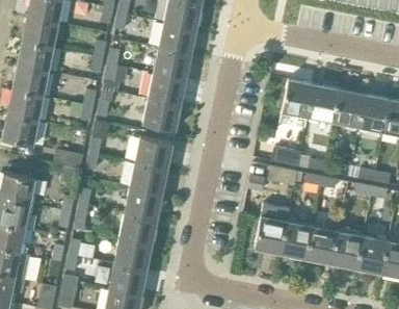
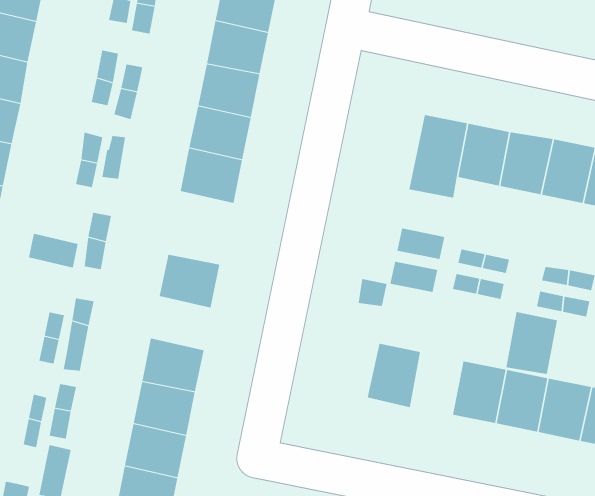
building: [135,136,171,169] -> none
building: [125,187,161,220] -> none
building: [280,221,311,258] -> [505,311,558,374]

